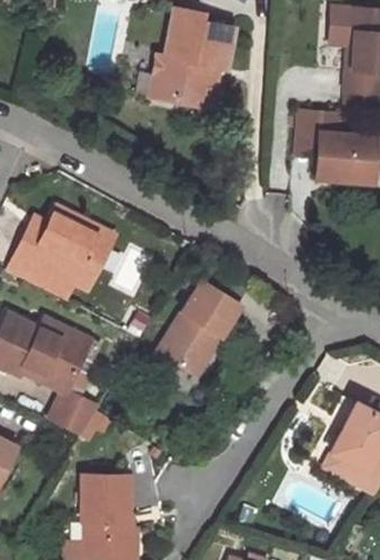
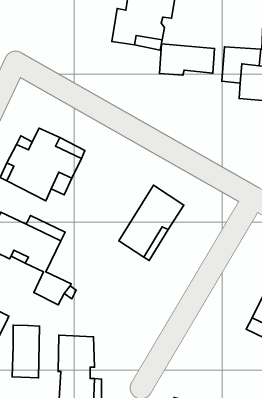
building: none -> [159,44,214,75]
building: none -> [12,325,40,378]

